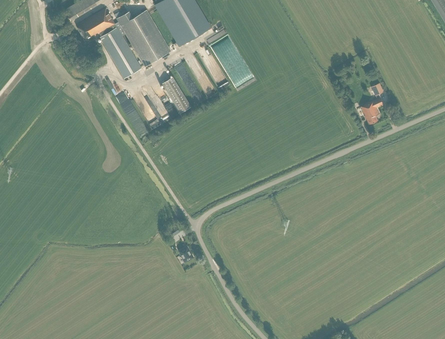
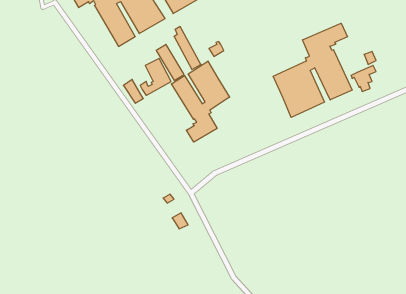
building: none -> [273,23,352,117]
building: none -> [171,61,230,142]

